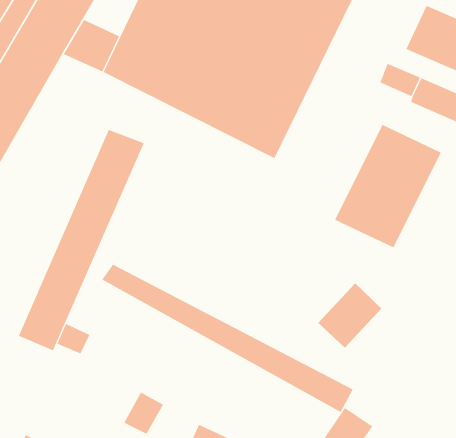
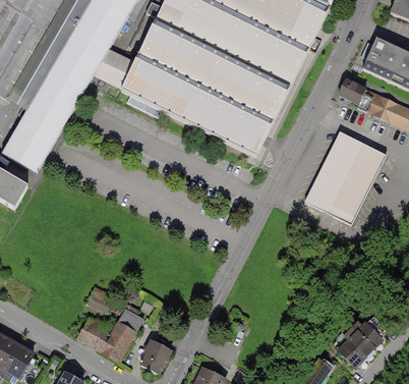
building: [18,129,145,351] -> none
building: [101,264,354,413] -> none
building: [318,283,382,349] -> [332,319,383,371]
building: none -> [76,309,141,364]

